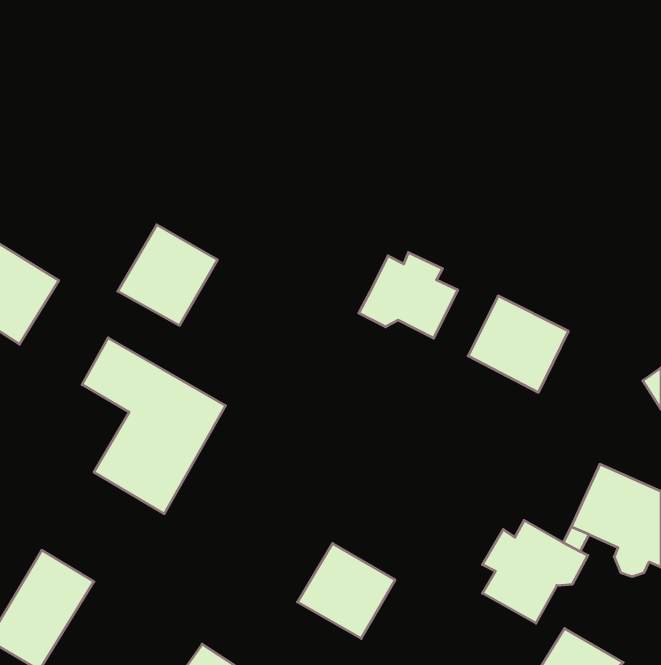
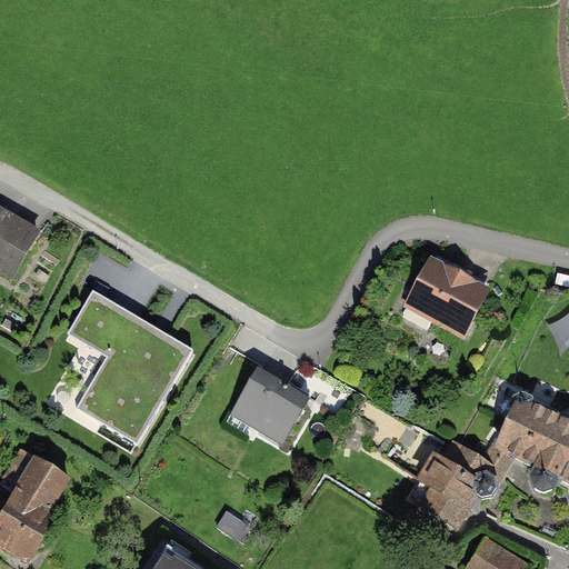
building: [118,225,217,325] -> none
building: [359,252,458,338] -> none
building: [297,543,395,639] -> [227,362,310,443]

